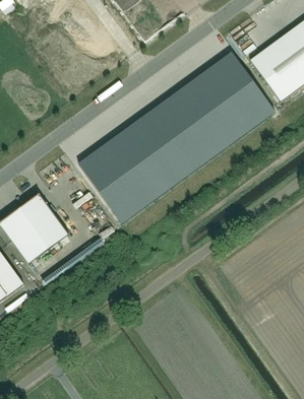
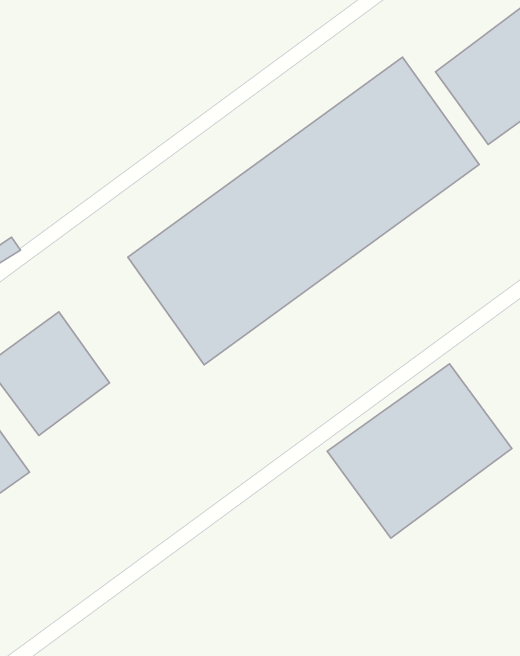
building: none -> [327,364,512,538]

